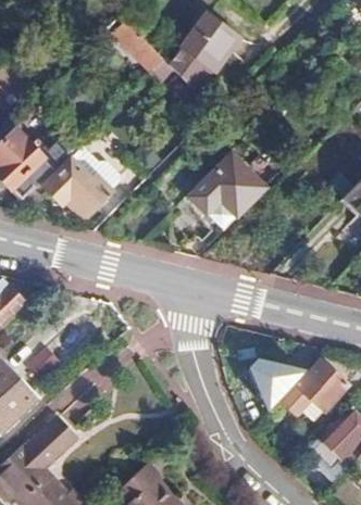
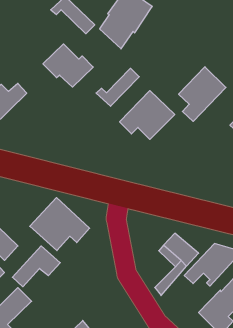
building: none -> [179,67,226,121]
building: none -> [96,68,139,106]
building: [43,159,112,217] -> [43,44,93,87]
building: none -> [30,198,90,251]

